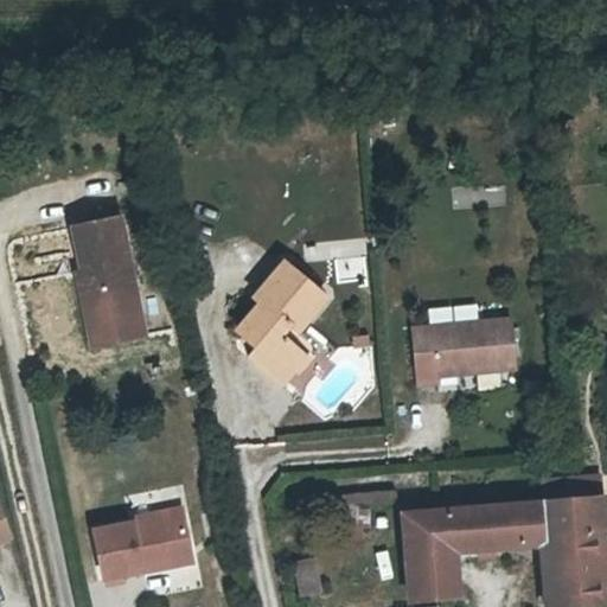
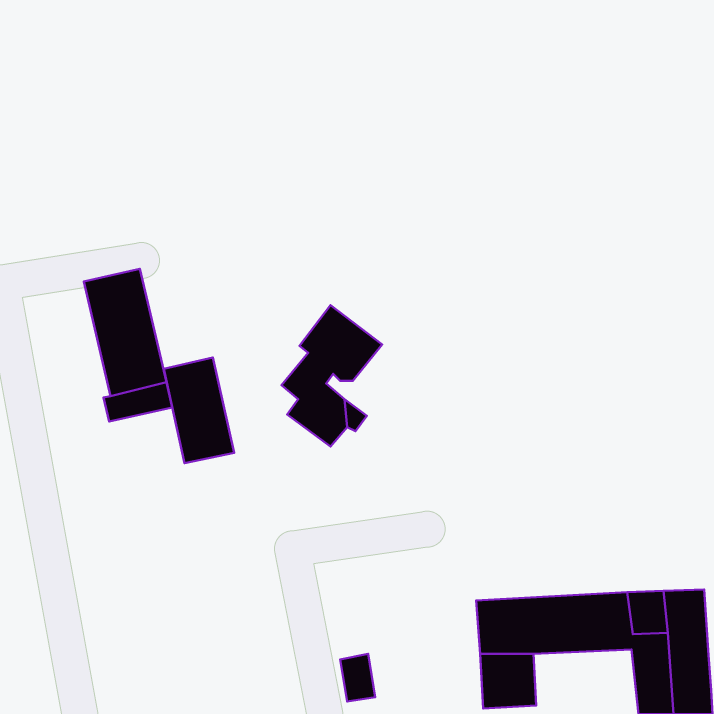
building: none -> [164,358,234,463]
building: [414,318,515,382] -> none
building: [97,511,194,580] -> none

